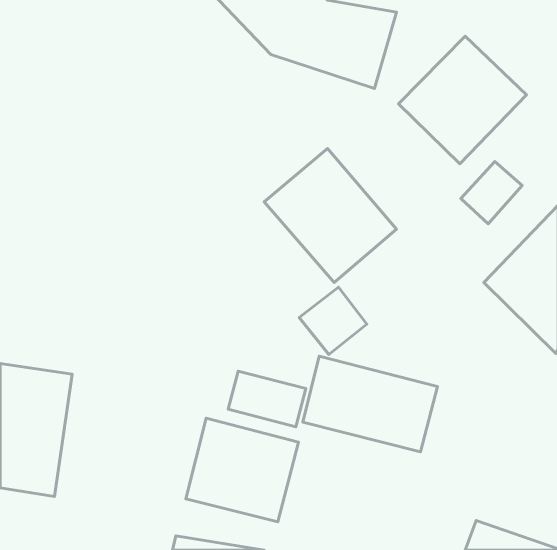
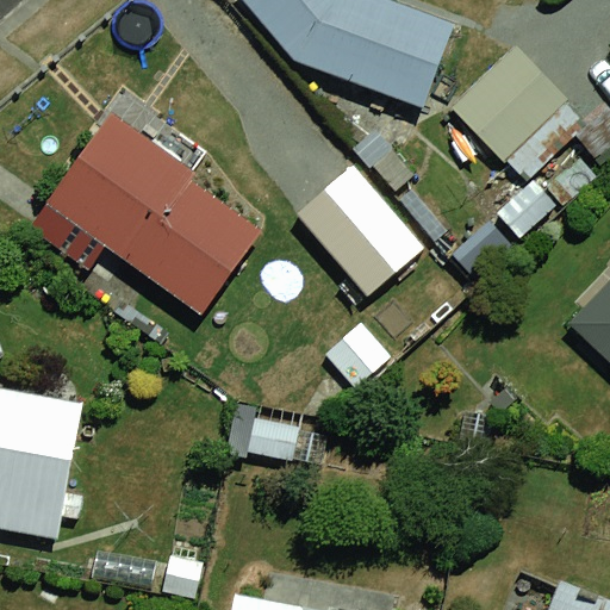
building: none -> [42,113,264,318]
building: [303,356,438,452] -> none
building: [186,418,299,522] -> none

